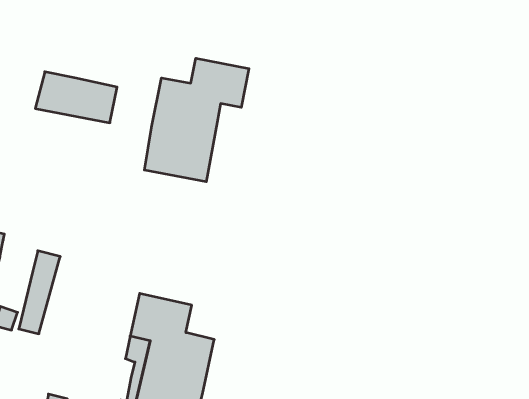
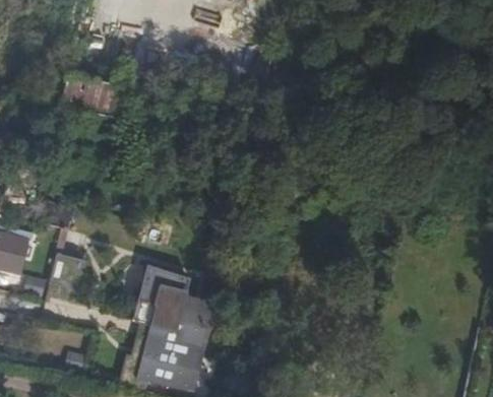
building: [144,58,249,182] -> none

